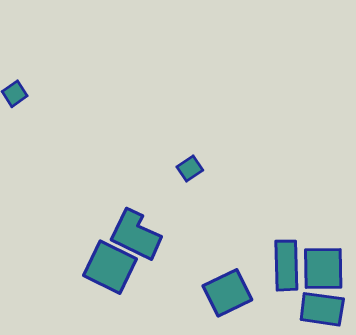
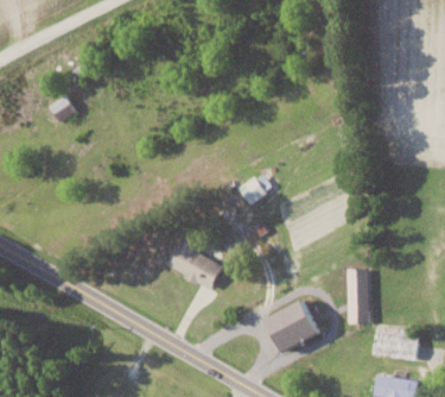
building: [84,241,136,293] -> none
building: [305,250,341,287] -> none

